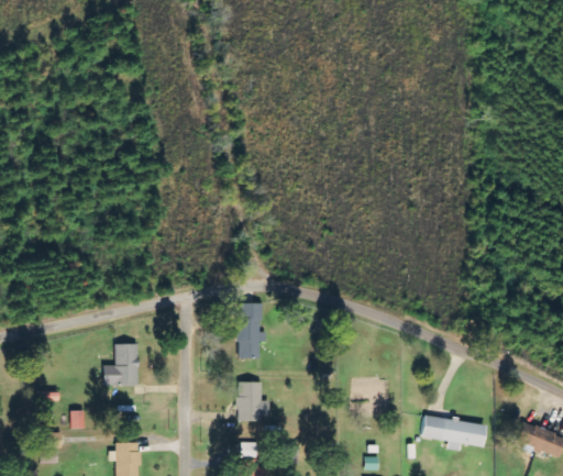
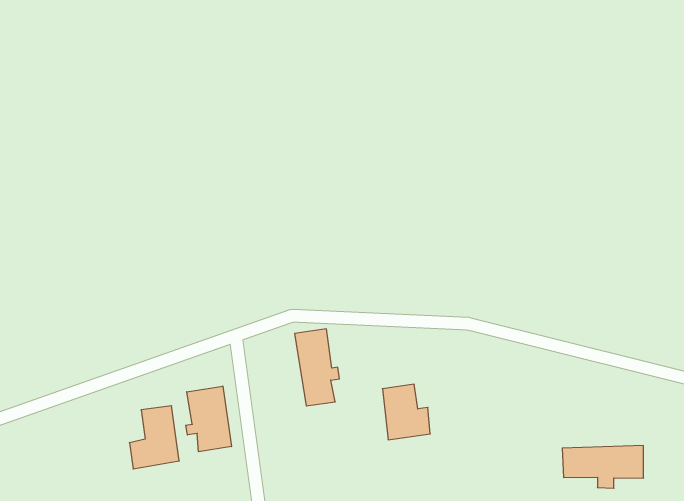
building: none -> [186,386,231,452]
building: [236,381,269,420] -> [382,384,430,440]

